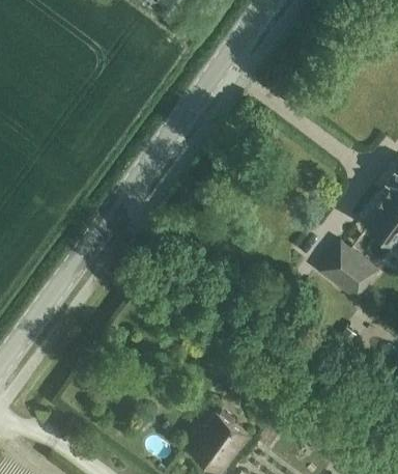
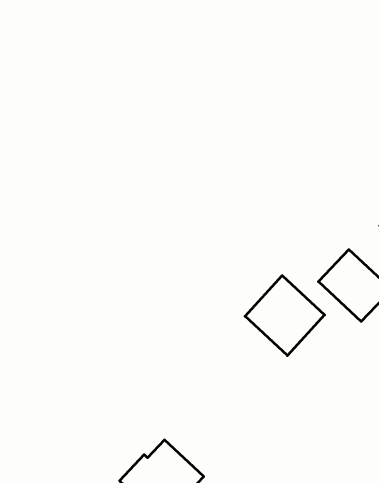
building: none -> [245,276,325,356]

